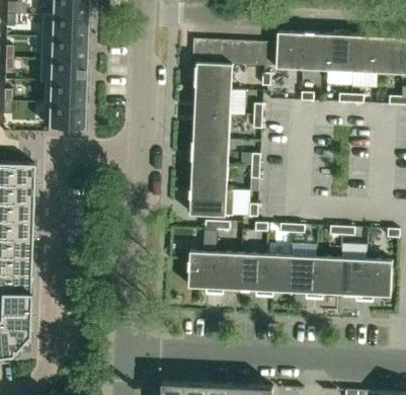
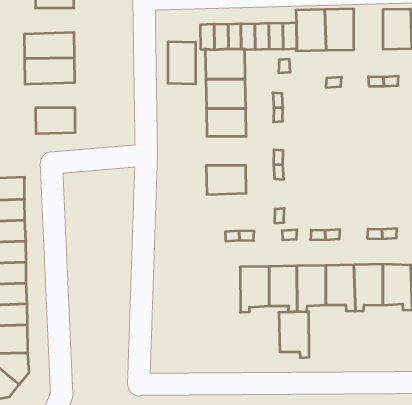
building: [42,17,86,41] -> none
building: [328,34,355,71] -> none
building: none -> [168,42,196,84]
building: [44,83,83,106] -> none
building: [193,138,230,165] -> none
building: [191,188,235,216] -> none
building: [190,252,218,293] -> [279,312,309,358]

